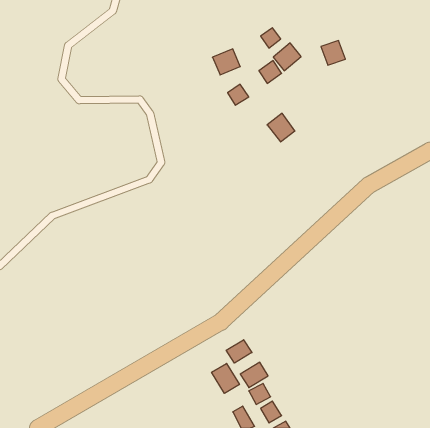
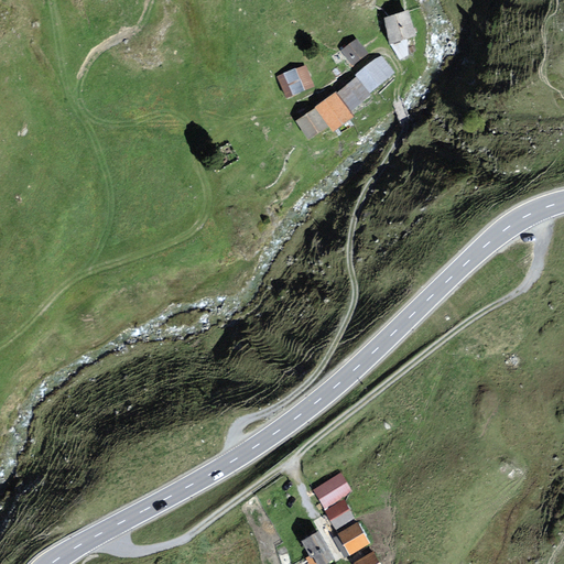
building: [321,41,345,65] -> [383,8,415,40]
building: [267,113,295,142] -> [315,93,351,130]
building: [226,340,252,363] -> none
building: [212,363,239,393] -> none

